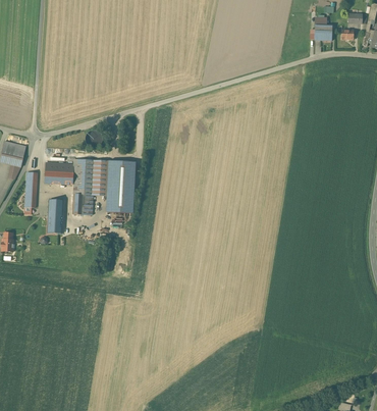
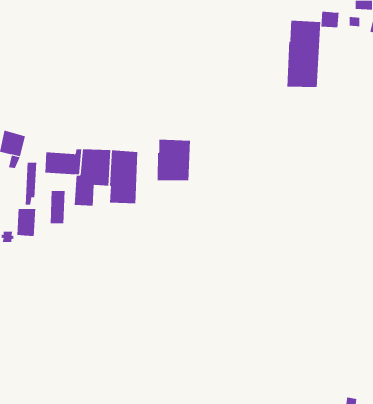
building: none -> [287,20,321,88]
building: none -> [157,139,191,181]
building: none -> [17,208,36,237]

